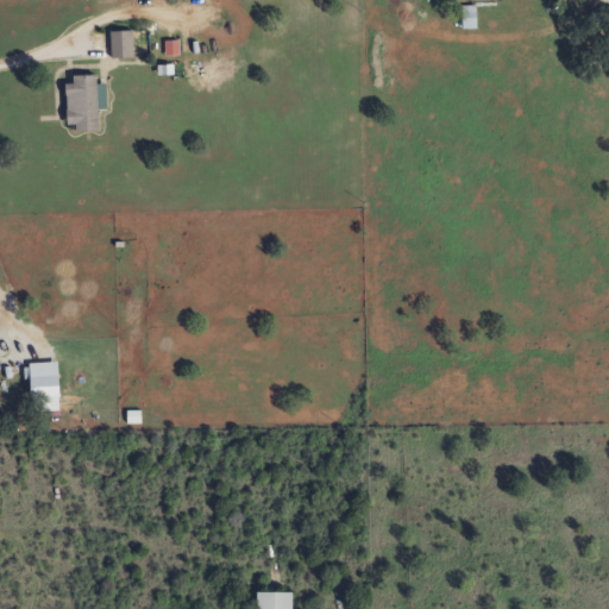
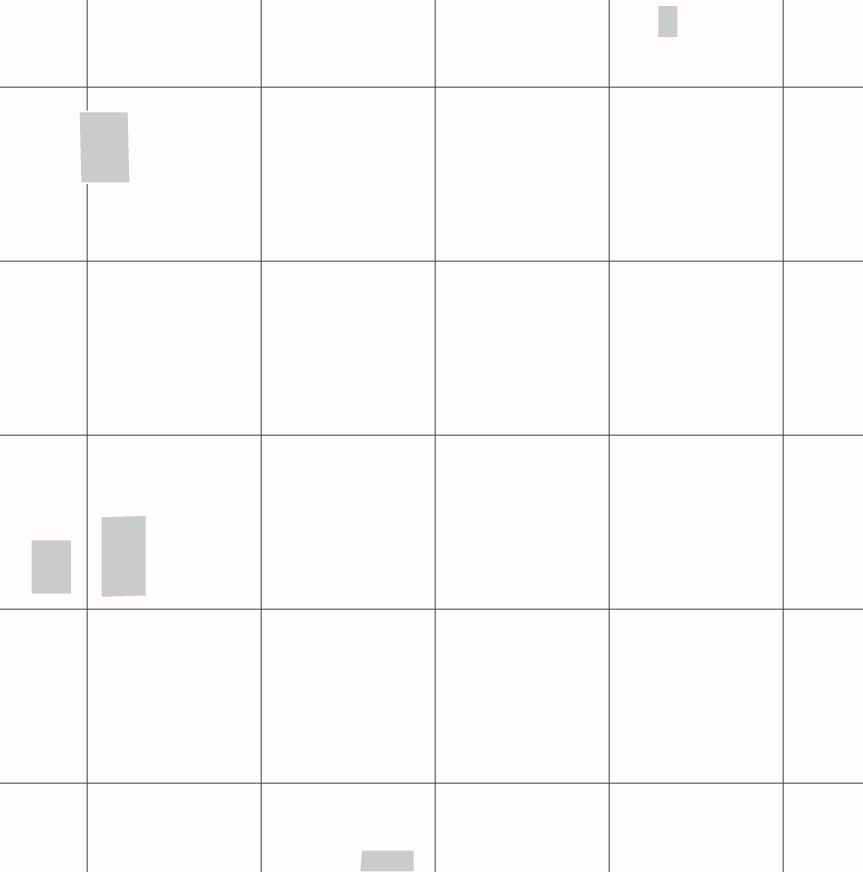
building: [111,31,133,58] -> none
building: none -> [101,515,146,597]

